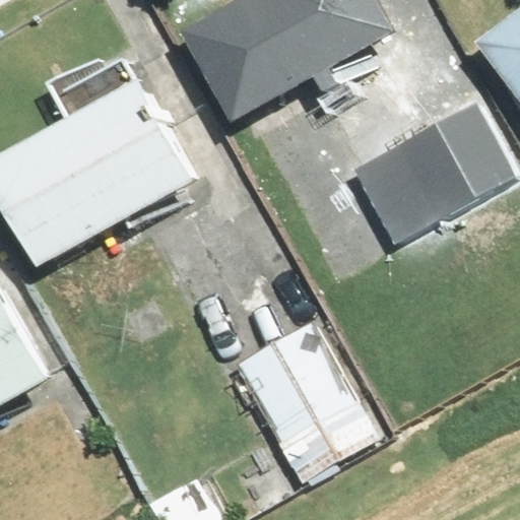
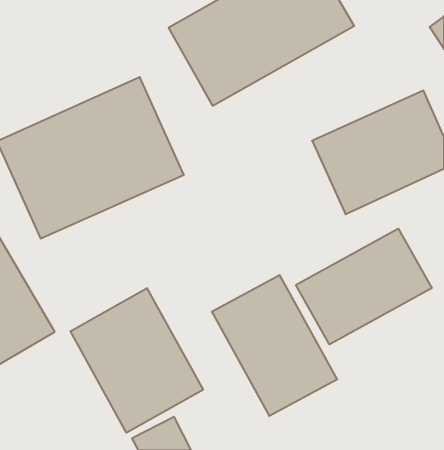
building: none -> [296,229,432,344]
building: none -> [70,288,203,433]

